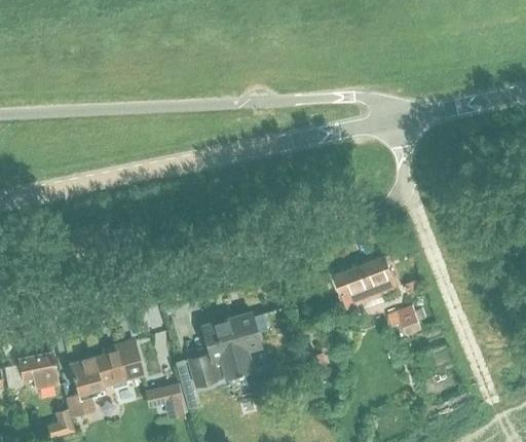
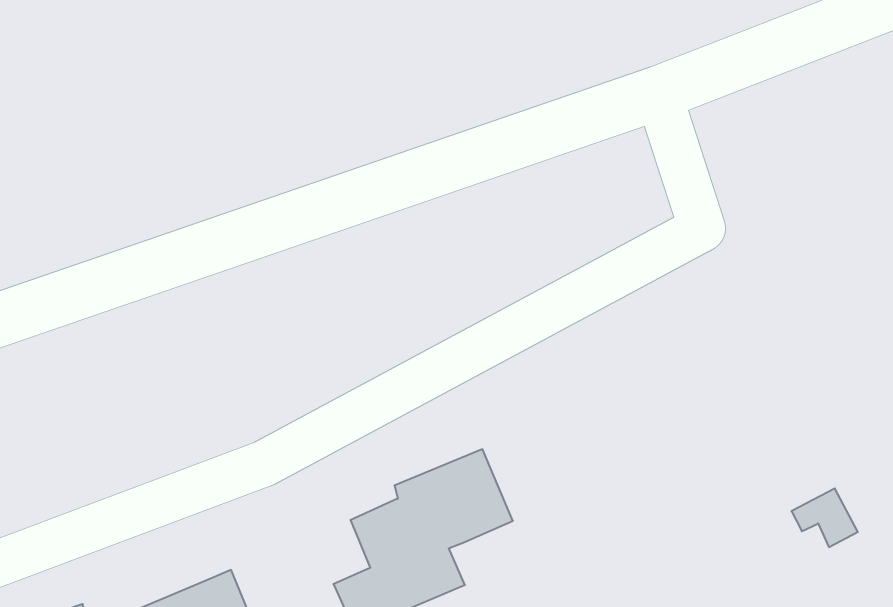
building: [333,257,397,307] -> none
building: [387,304,421,335] -> [791,488,858,547]

